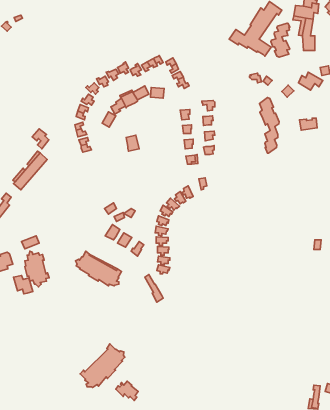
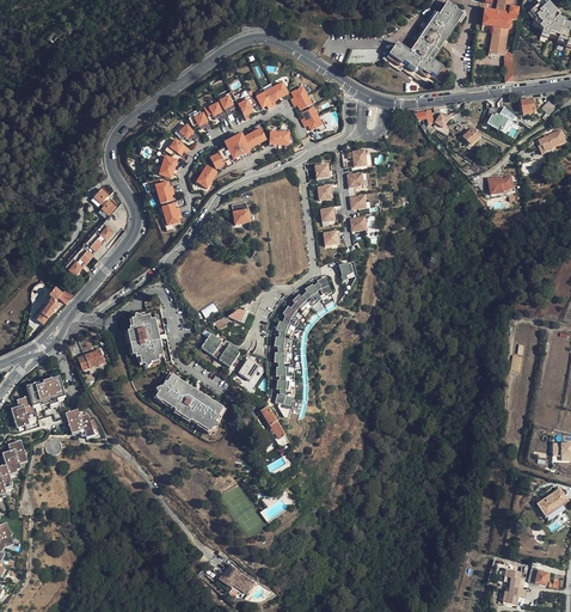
building: [271,23,290,57] -> none
building: [259,98,279,153] -> none
building: [25,251,49,287] -> [128,313,164,366]
building: [80,344,125,387] -> none

